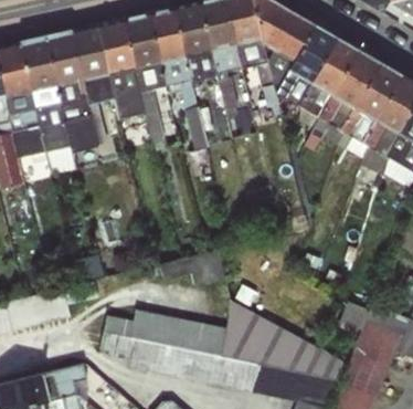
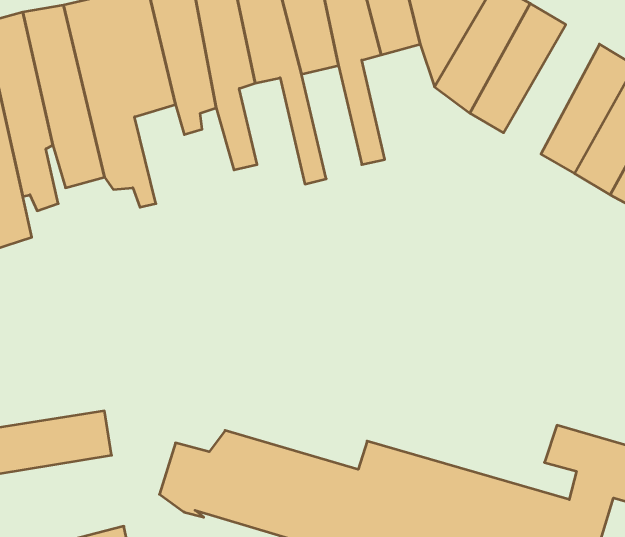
building: [318,50,378,130] -> none

